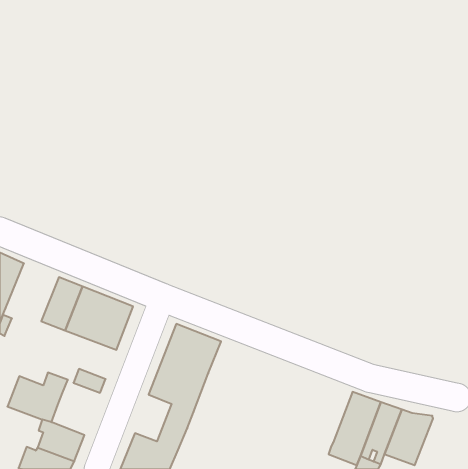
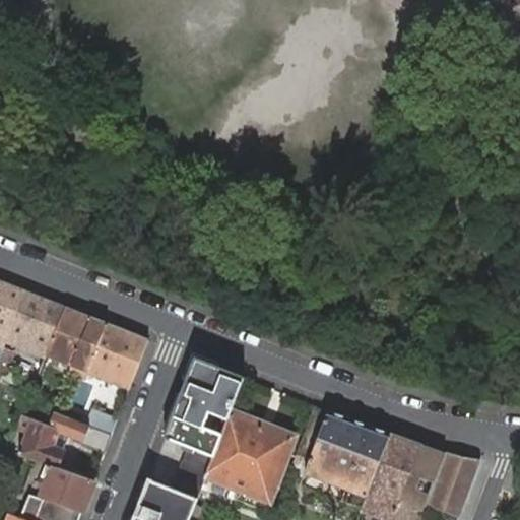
building: none -> [6,291,65,356]
building: none -> [297,405,390,509]
building: none -> [207,413,296,500]

